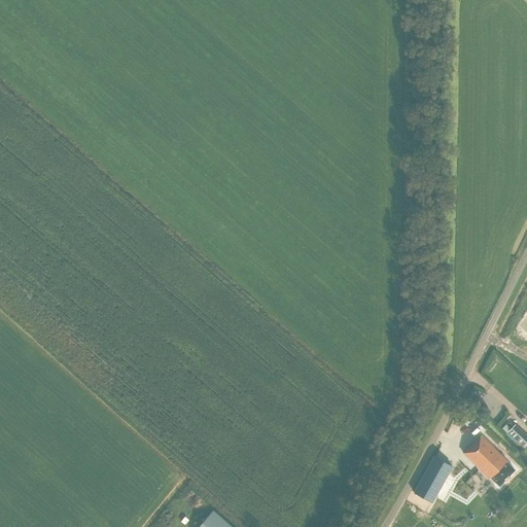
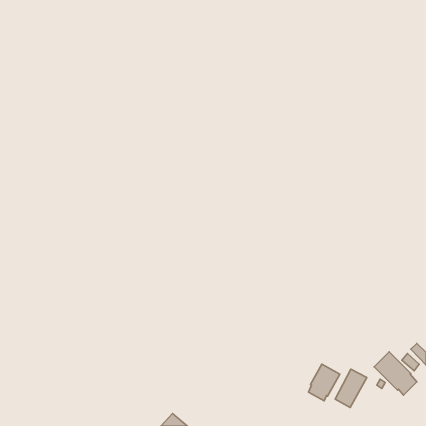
building: none -> [308,364,340,401]

